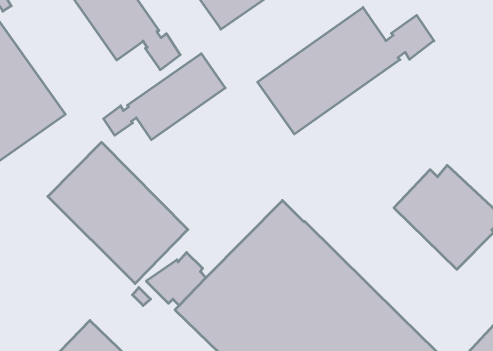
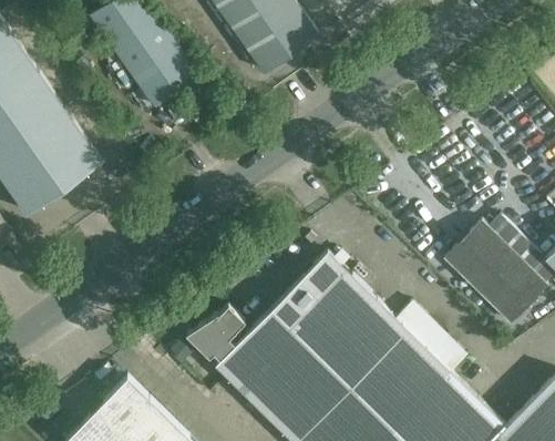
building: [258,7,434,134] -> none
building: [104,54,225,140] -> none
building: [48,142,188,284] -> none

